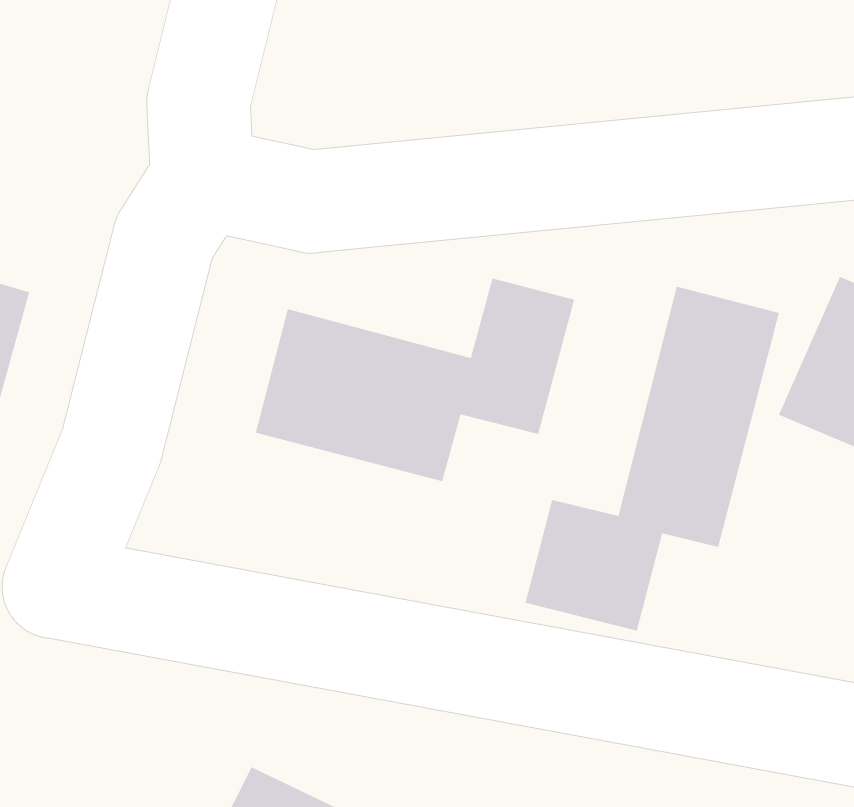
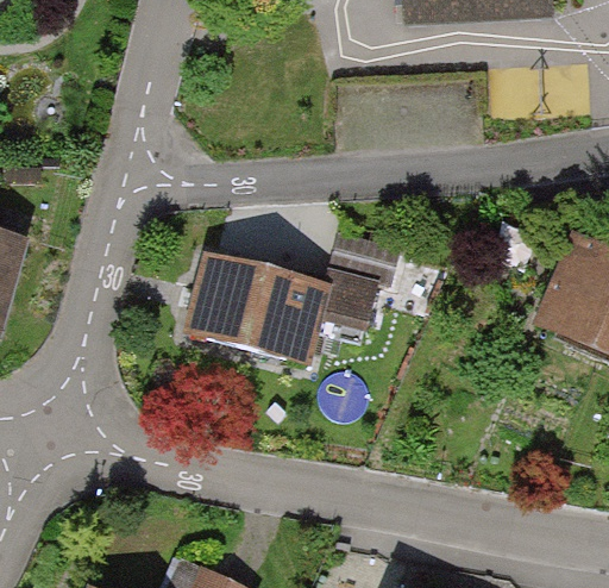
building: [524,286,780,631] -> none

